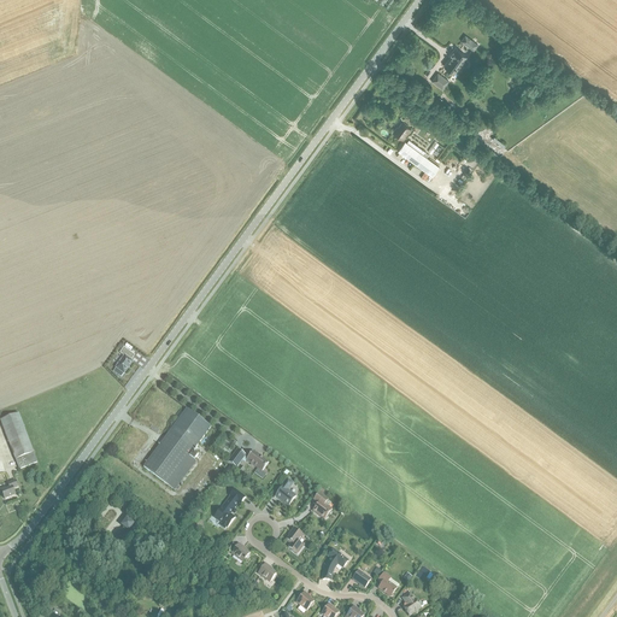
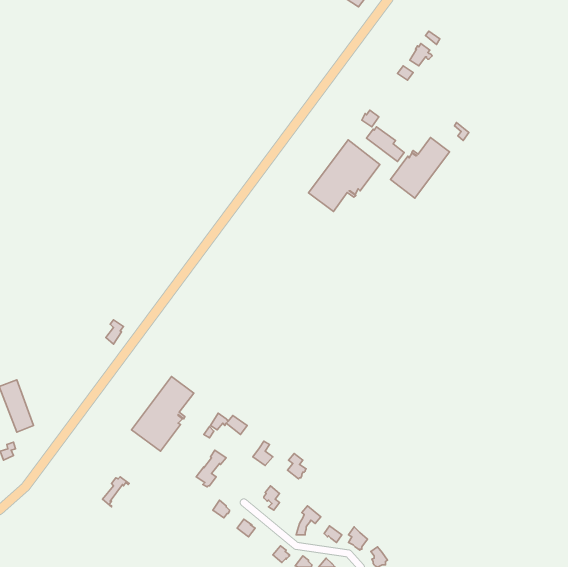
building: none -> [390,137,450,198]
building: none -> [308,140,380,212]

